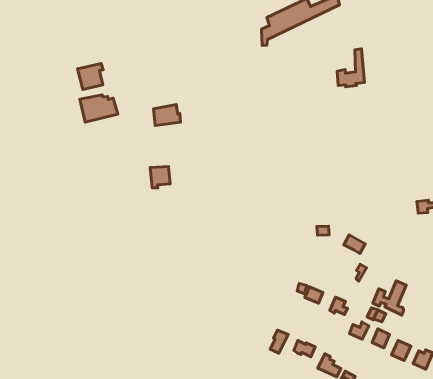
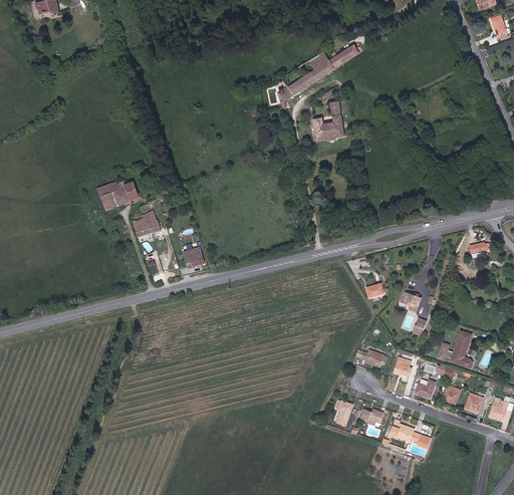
building: [337,49,364,87] -> [314,97,344,140]
building: [78,64,103,90] -> none
building: [154,104,180,125] -> [133,210,163,235]

